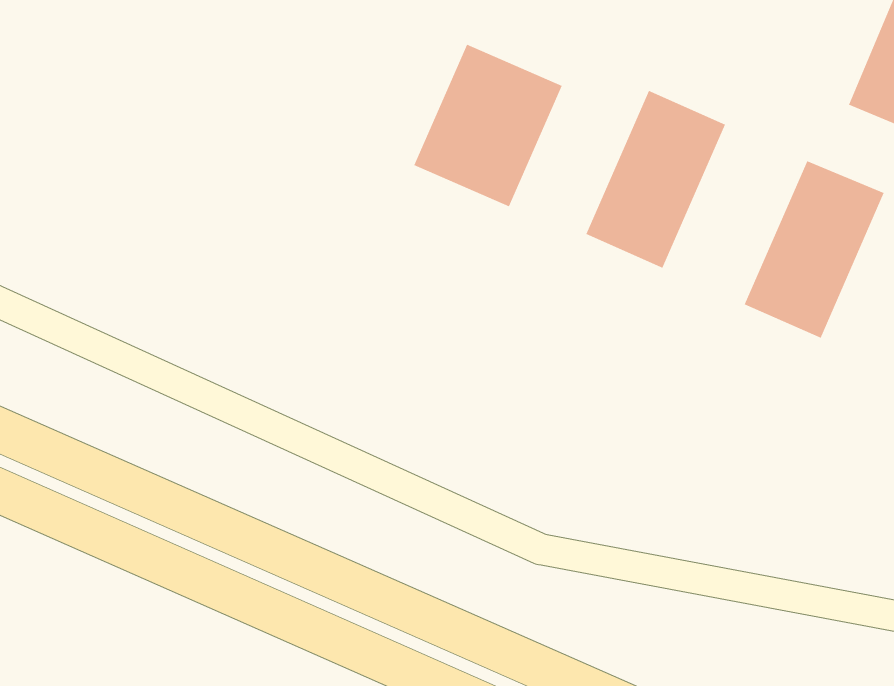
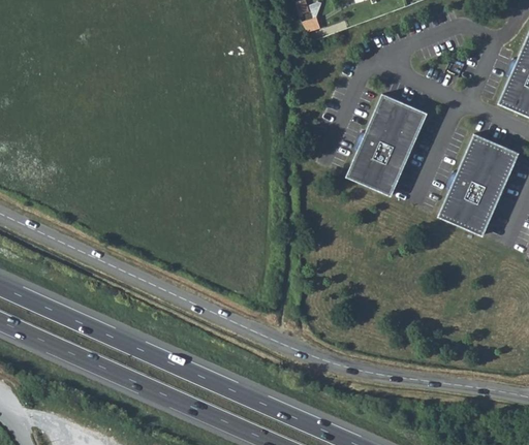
building: [413,44,562,207] -> none

